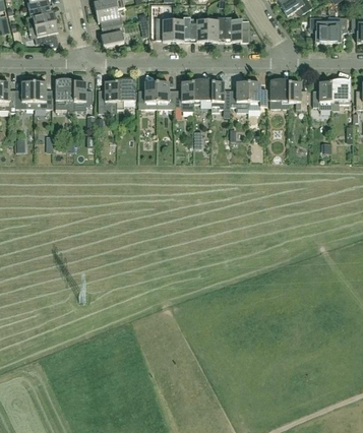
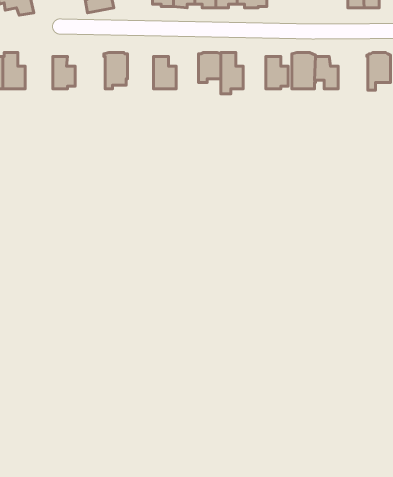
building: [55,77,74,103] -> none
building: [99,81,117,111] -> none
building: [138,81,157,108] -> none
building: [175,81,193,110] -> none
building: [230,81,248,111] -> none
building: [313,81,331,109] -> none

